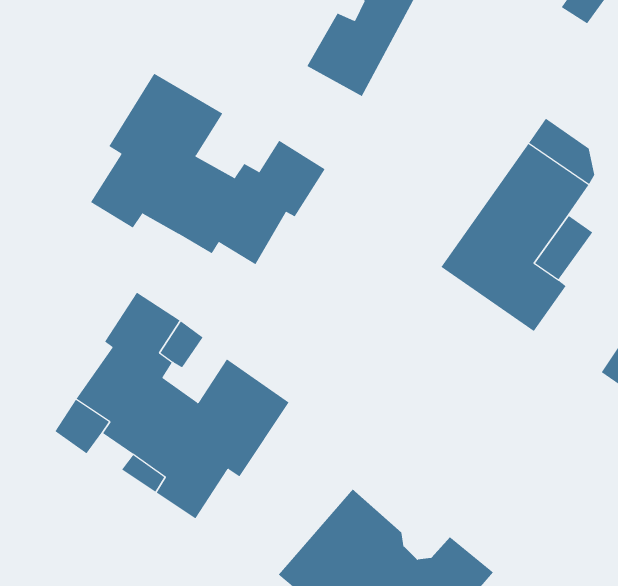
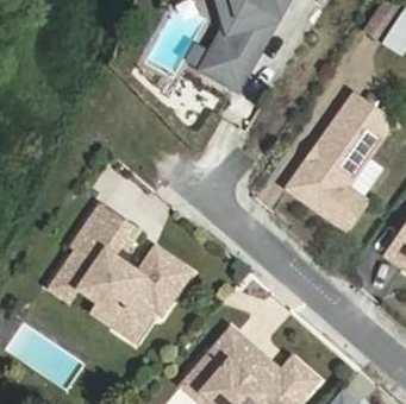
building: [90,73,326,265] -> none

